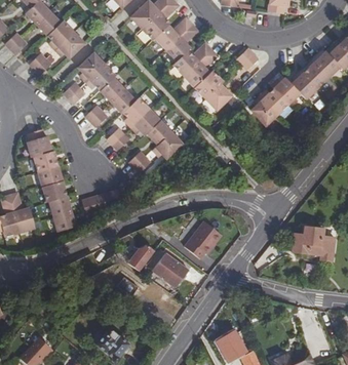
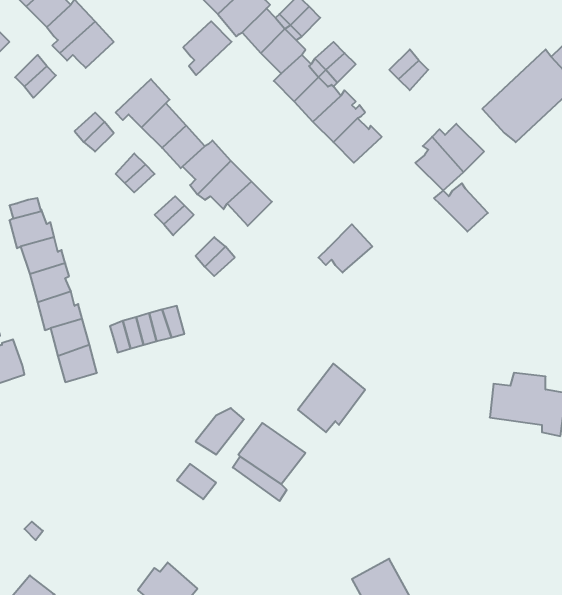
building: [78,52,105,82] -> [183,21,232,75]
building: [270,77,300,104] -> [434,183,488,232]
building: [153,131,183,158] -> [318,224,372,273]

